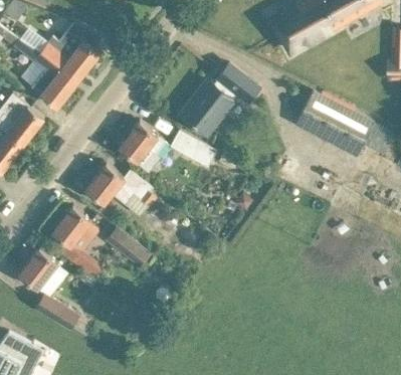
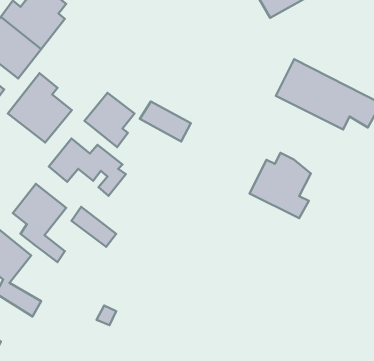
building: [181,65,259,136] -> none
building: none -> [8,73,72,142]
building: none -> [249,153,311,218]

